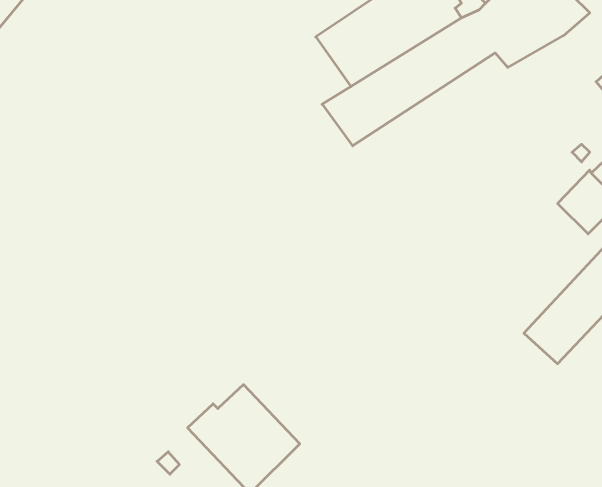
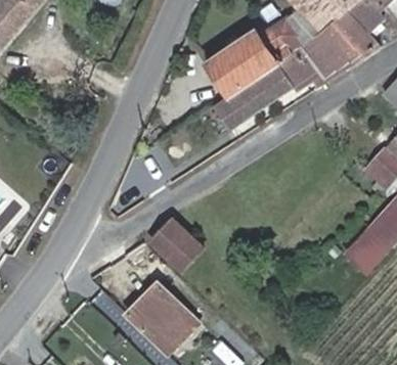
building: none -> [149,216,201,266]

